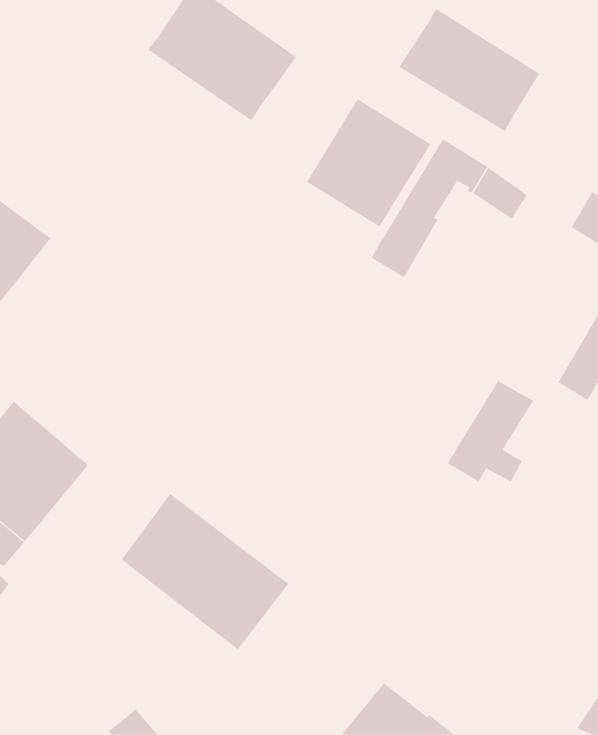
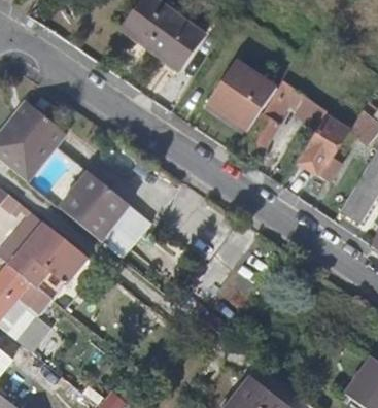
building: [398,8,540,132] -> none
building: [447,380,534,482] -> [300,117,347,173]
building: [121,493,289,650] -> [59,171,150,257]

